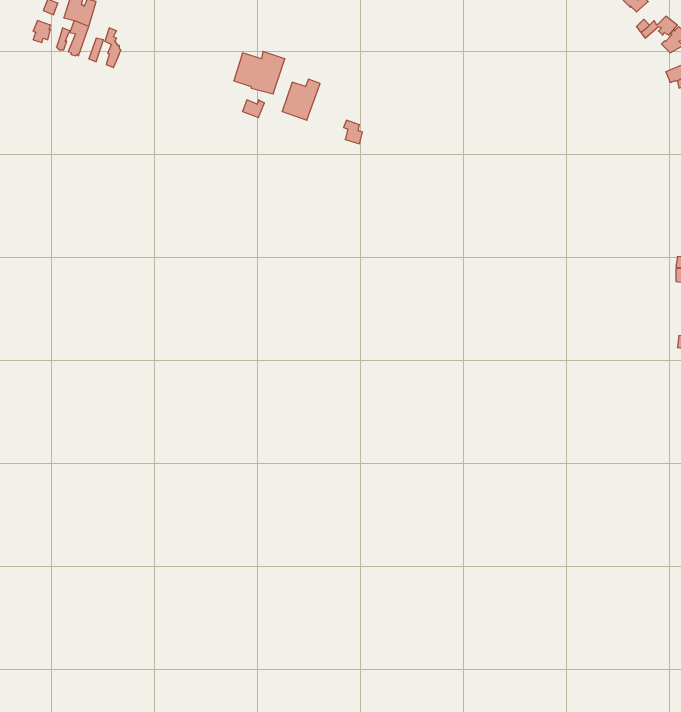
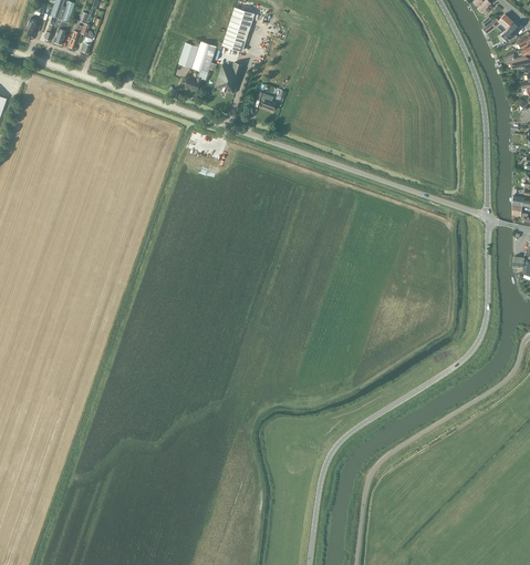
building: none -> [224,8,256,52]

